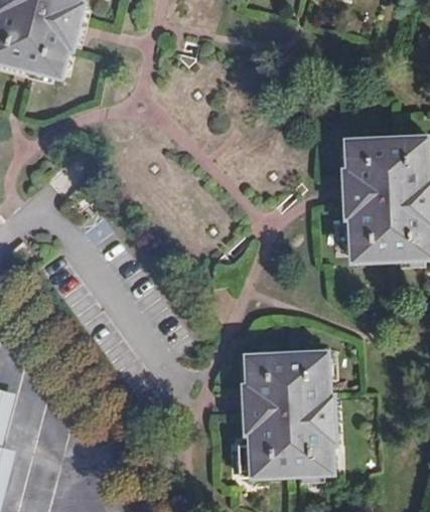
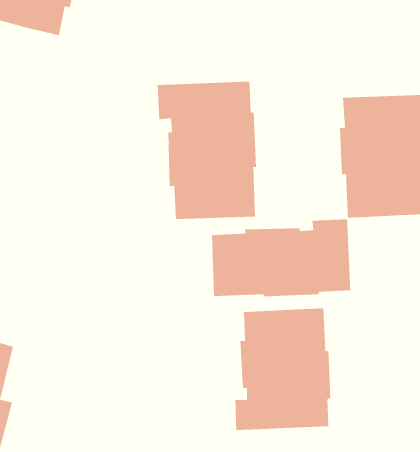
building: none -> [157,81,257,220]
building: none -> [211,219,351,297]

